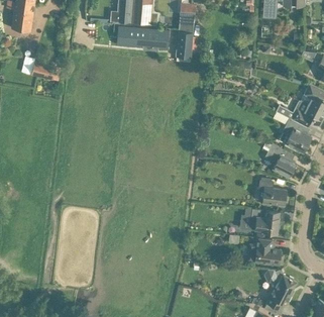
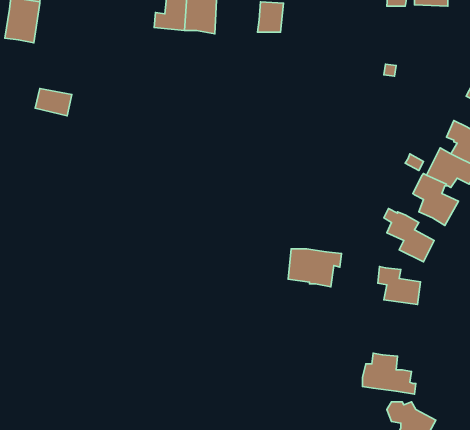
building: [176,24,194,58] -> none
building: [118,26,169,49] -> none
building: [248,209,284,234] -> [288,249,341,287]

